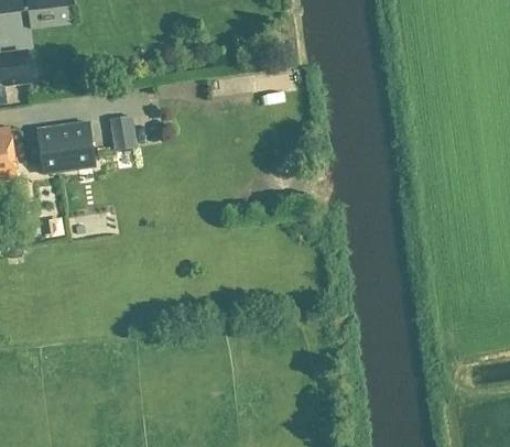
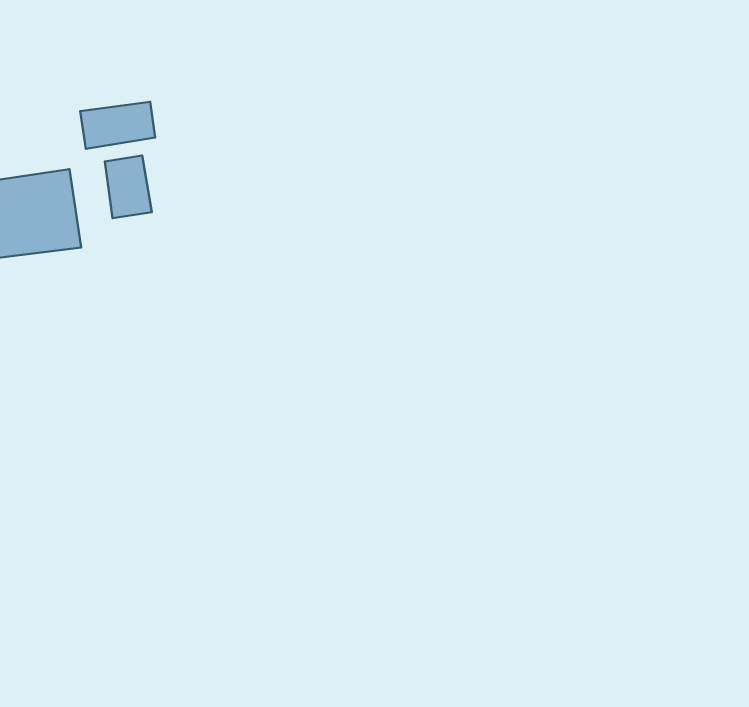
building: none -> [80,102,155,149]

